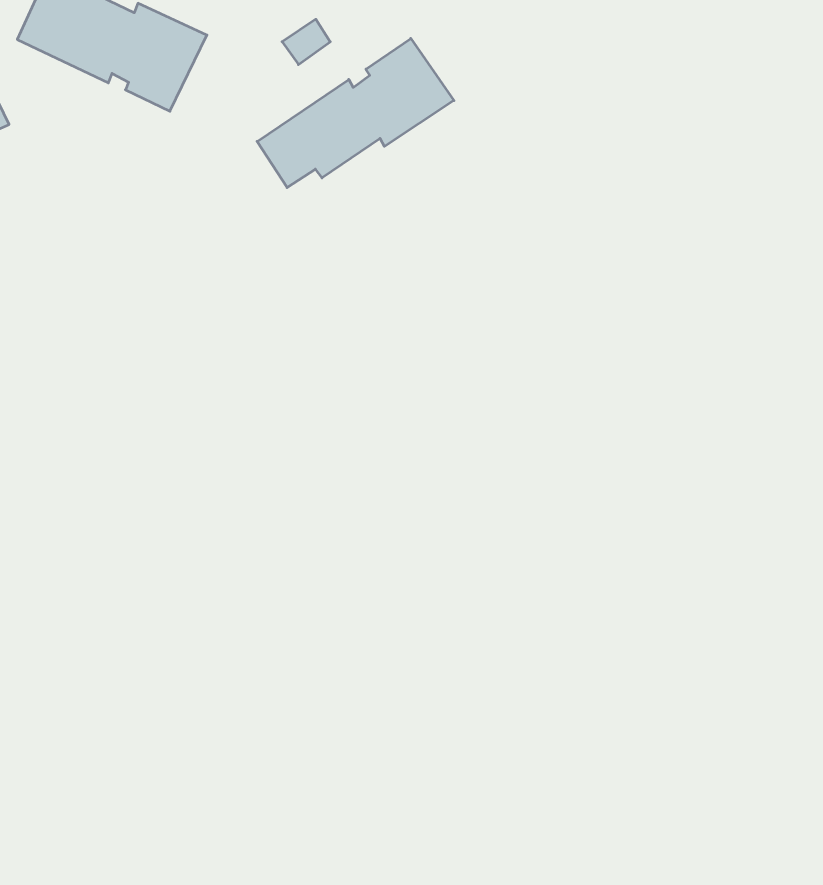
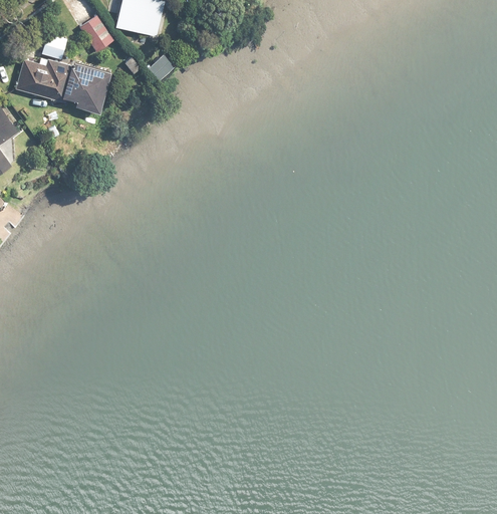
building: [257,38,454,188] -> none

